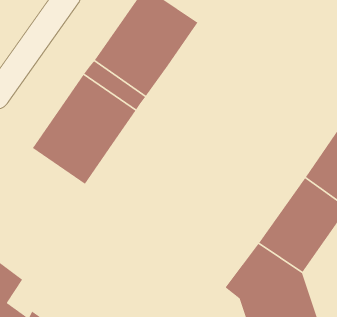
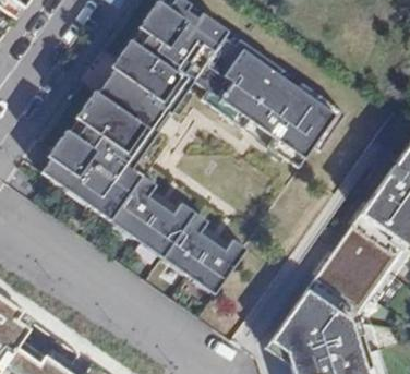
building: none -> [198,37,349,167]
building: none -> [105,168,251,293]

